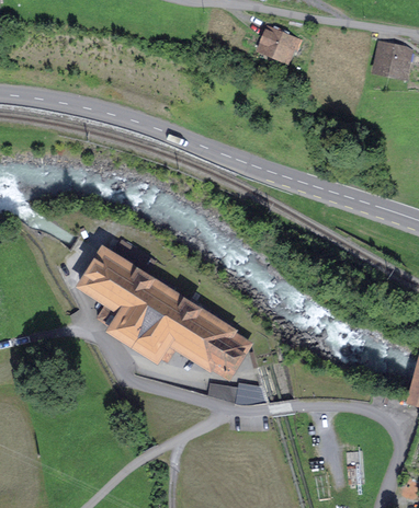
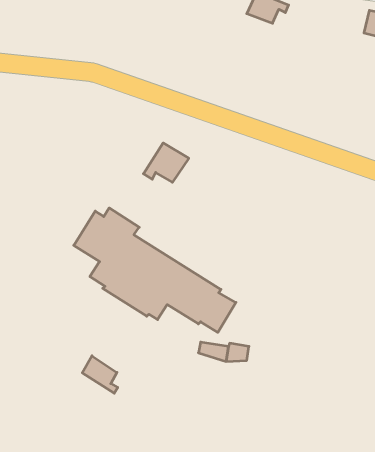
building: none -> [143,143,189,182]
building: none -> [82,356,118,393]

